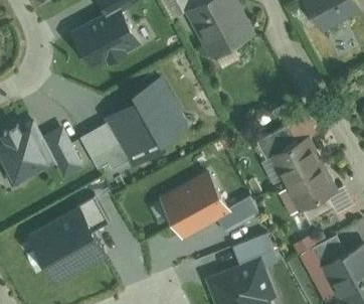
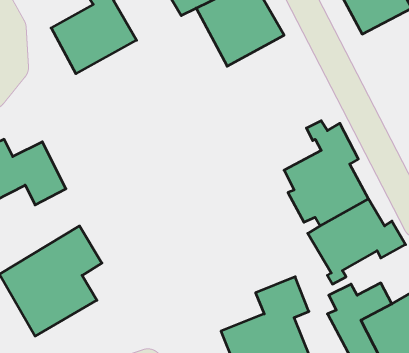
building: [80,71,187,169] -> none
building: [159,168,259,237] -> none

